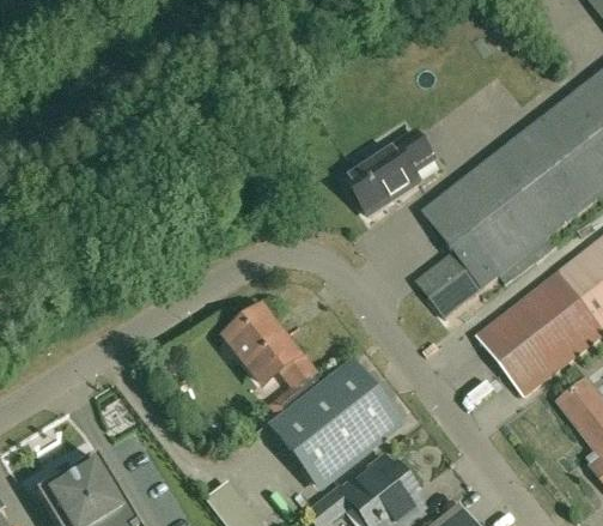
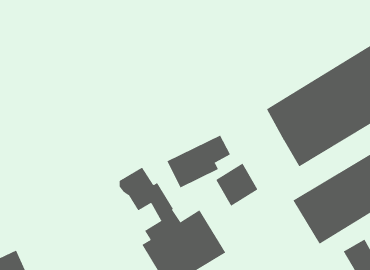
building: [345,129,434,212] -> [167,135,231,188]
building: [419,253,481,316] -> [215,163,258,206]

